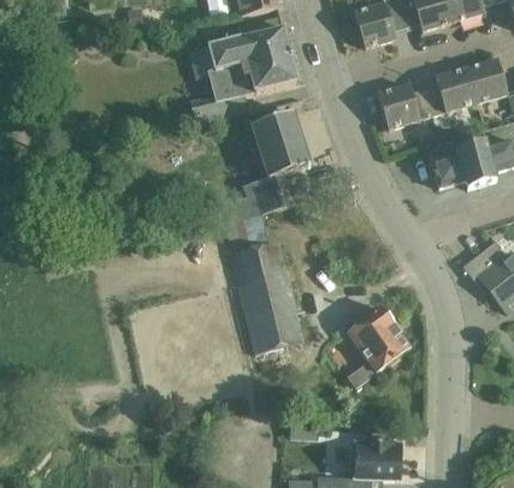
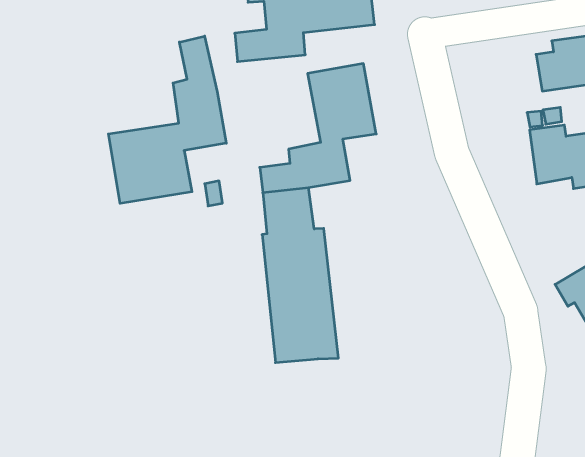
building: [379,83,433,127] -> none
building: none -> [108,36,226,203]
building: [347,307,410,385] -> none

